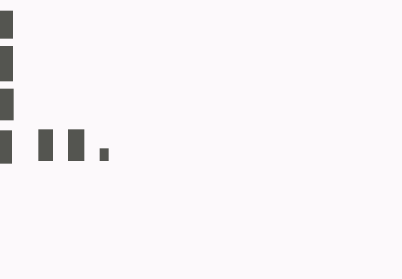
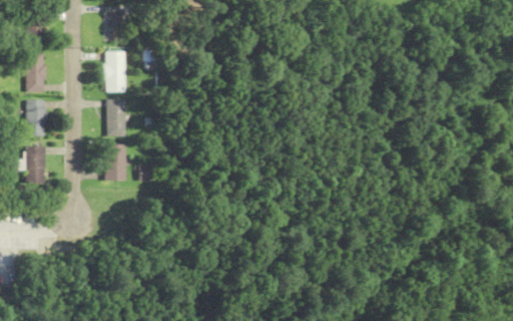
building: none -> [109,8,124,34]
building: none -> [105,51,126,92]
building: [38,129,54,161] -> [107,99,125,135]

